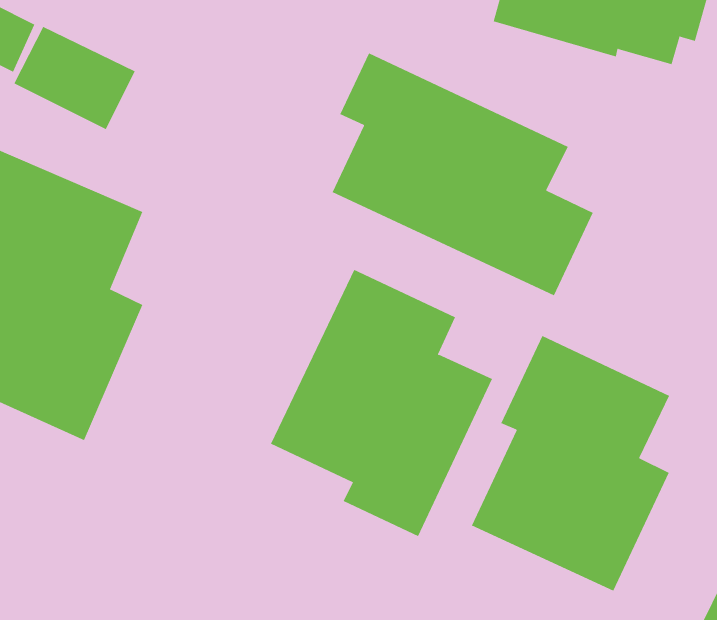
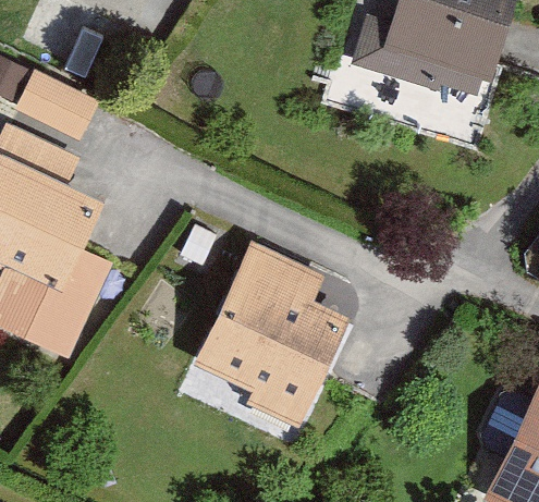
building: [332,53,593,296] -> none
building: [471,335,670,591] -> none

